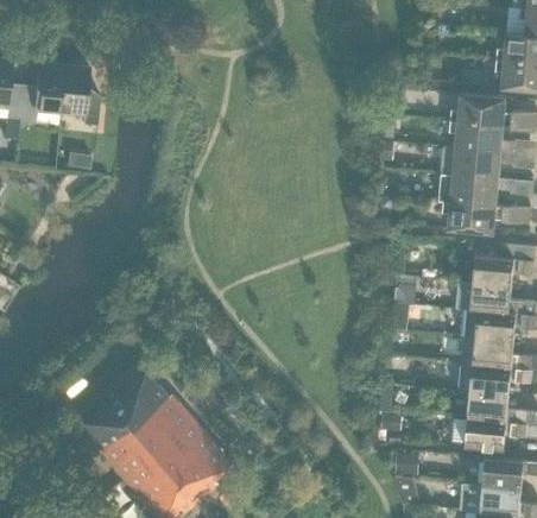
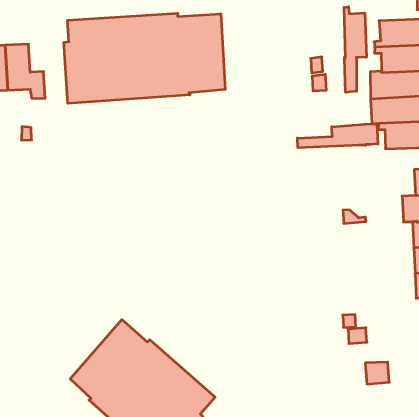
building: none -> [64,13,225,103]
building: none -> [344,7,366,92]
building: none -> [297,124,378,148]

